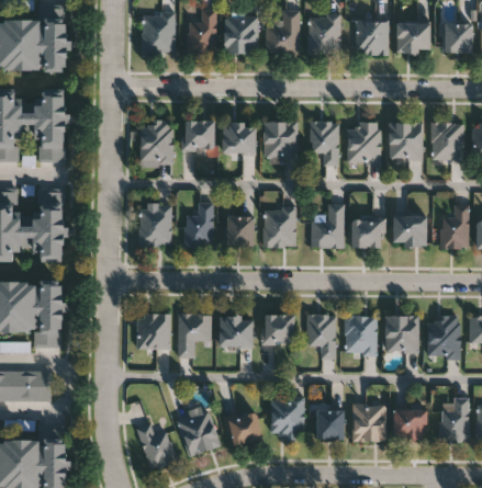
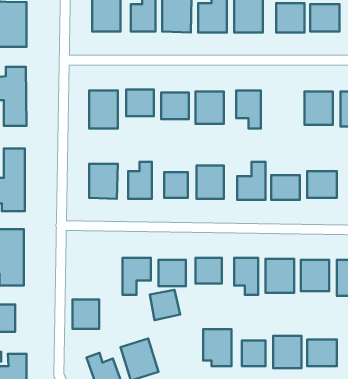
building: [347,124,380,164] -> none
building: [138,315,169,349] -> [73,300,99,329]
building: [226,411,261,446] -> [150,290,180,320]

